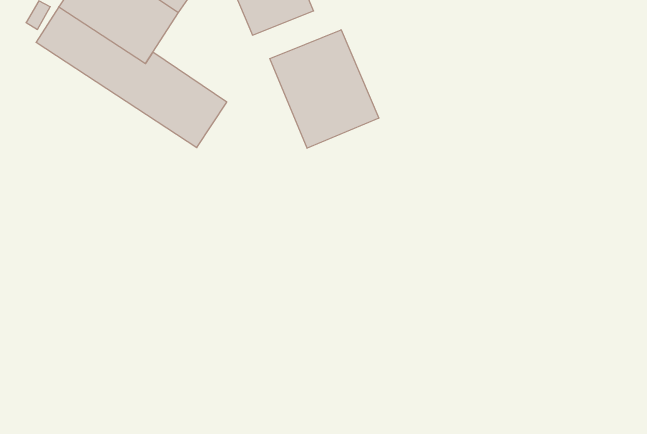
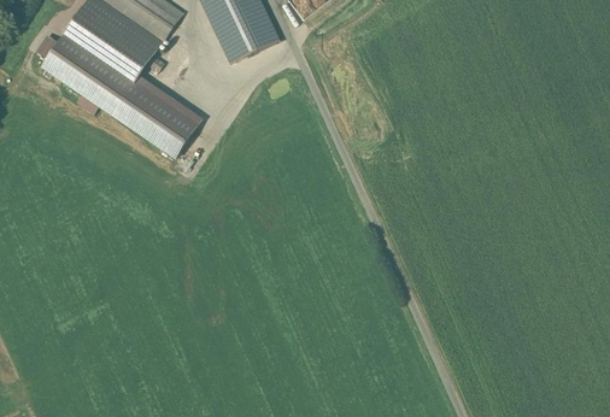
building: [270,30,379,148] -> none

